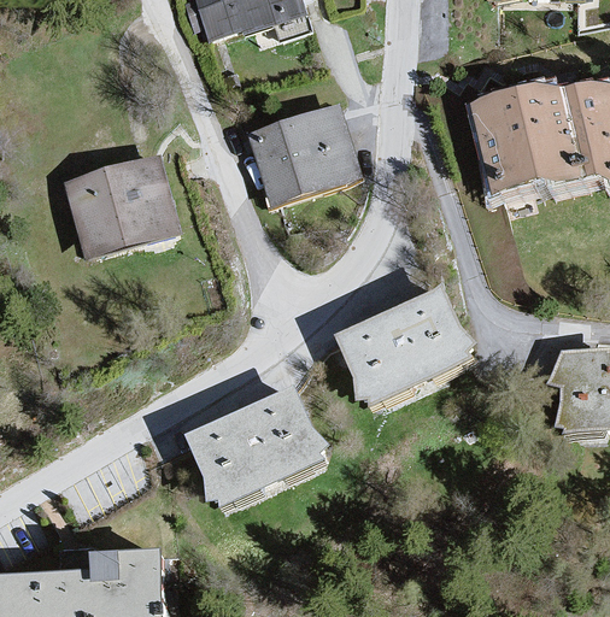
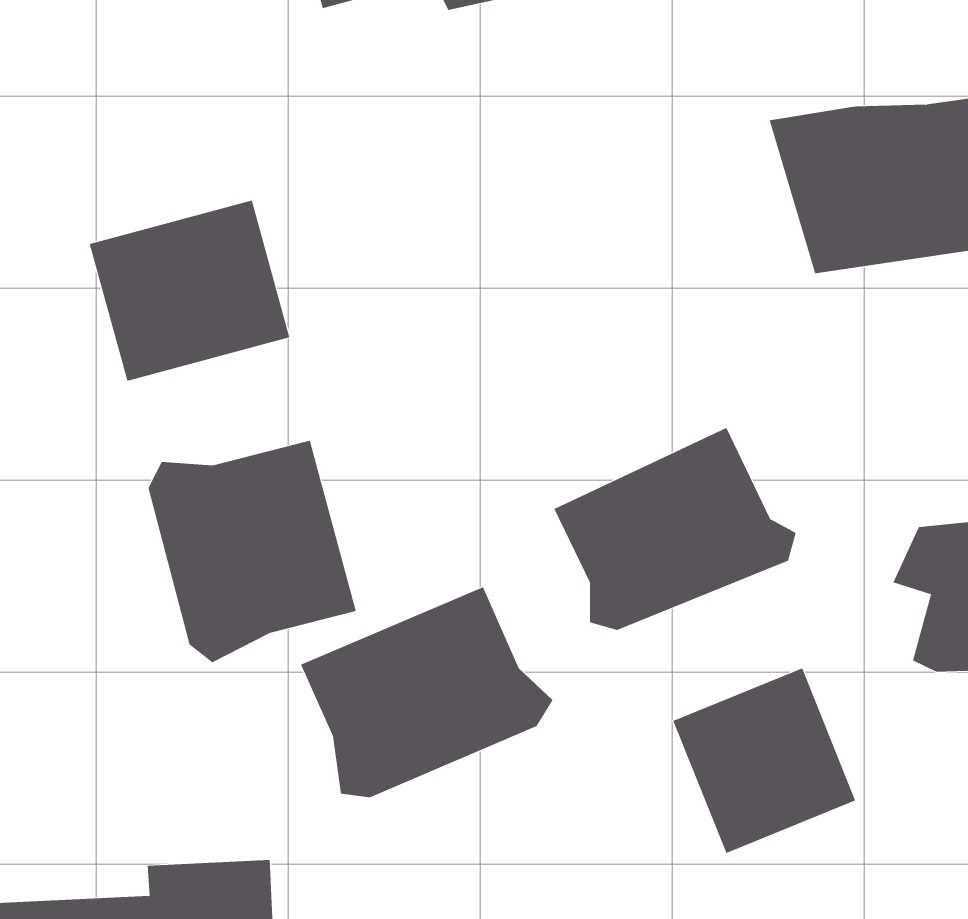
building: [240,101,362,206] -> none
building: none -> [148,440,356,663]
building: none -> [673,668,856,854]

